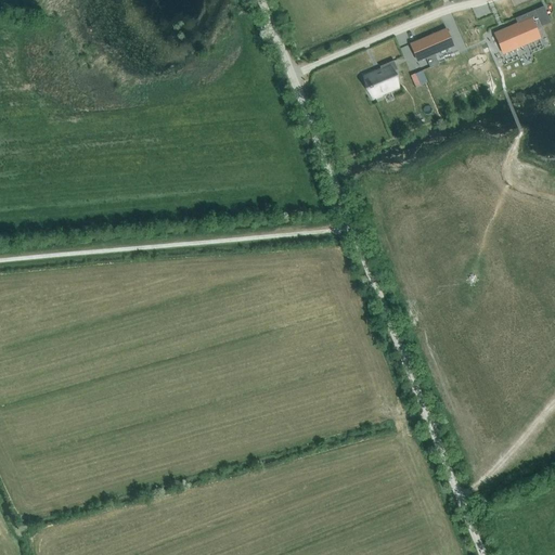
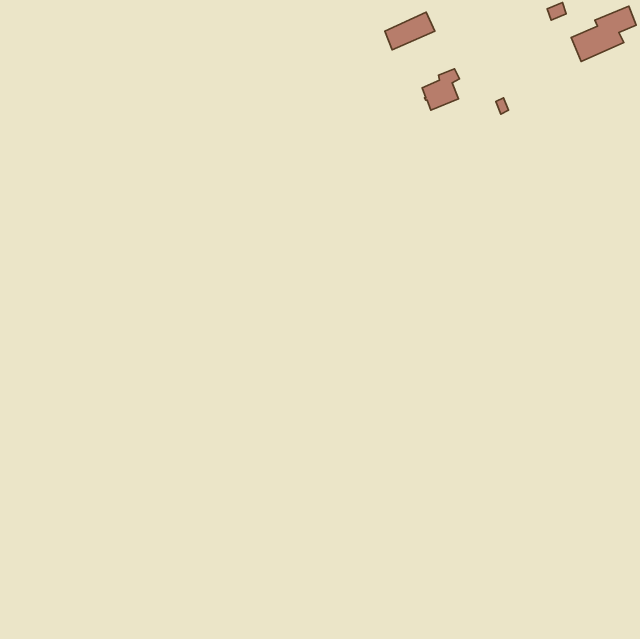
building: [410,27,453,60] -> [385,12,435,50]

